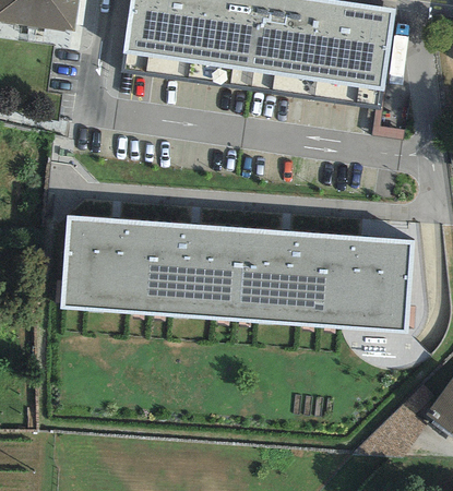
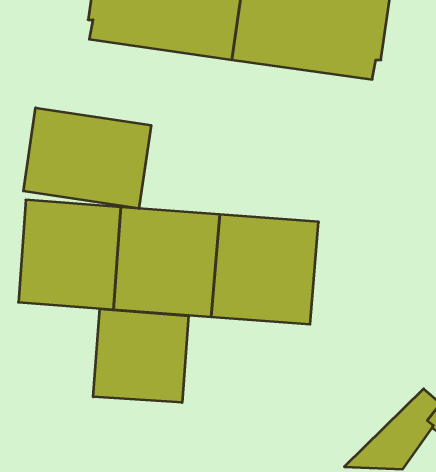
building: none -> [23,108,151,209]
building: [321,233,415,332] -> none
building: none -> [93,309,188,403]

